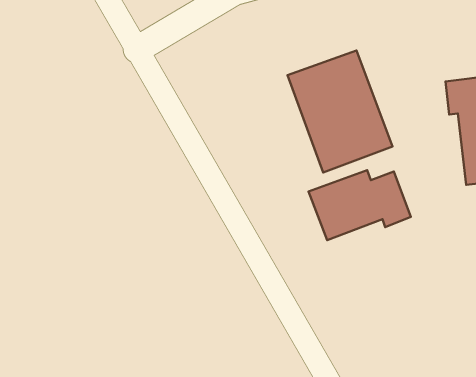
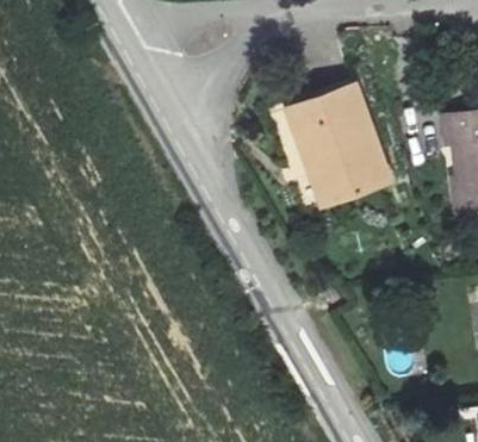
building: [309,170,411,240] -> none

